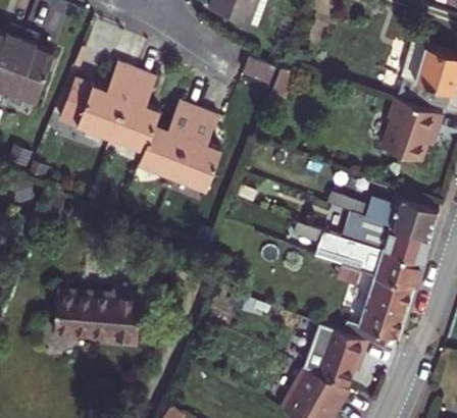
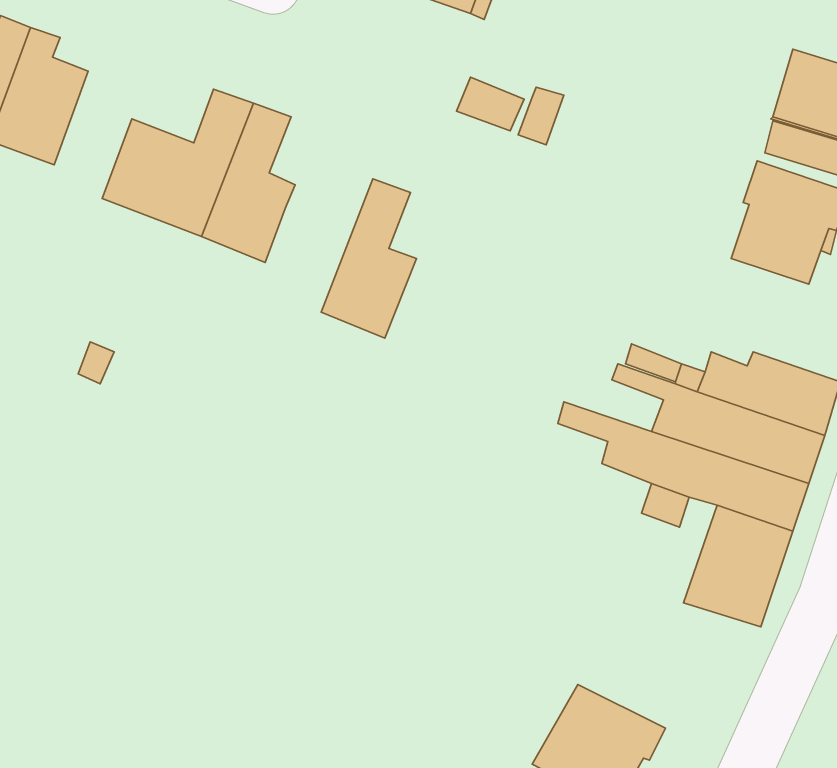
building: [139,100,199,176] -> none
building: [54,291,142,348] -> none
building: [304,322,367,386] -> none

